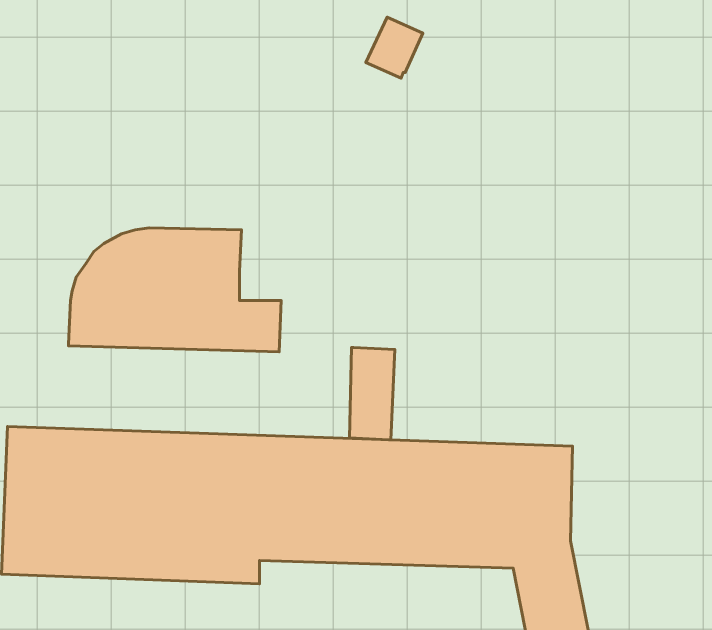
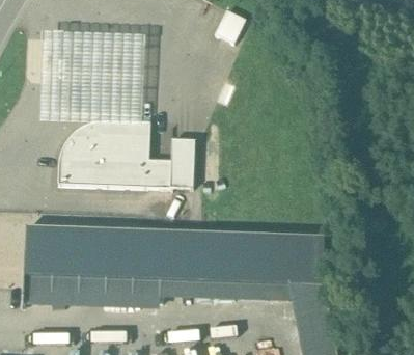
building: none -> [43,28,147,120]
building: [349,347,395,440] -> [169,138,193,187]

